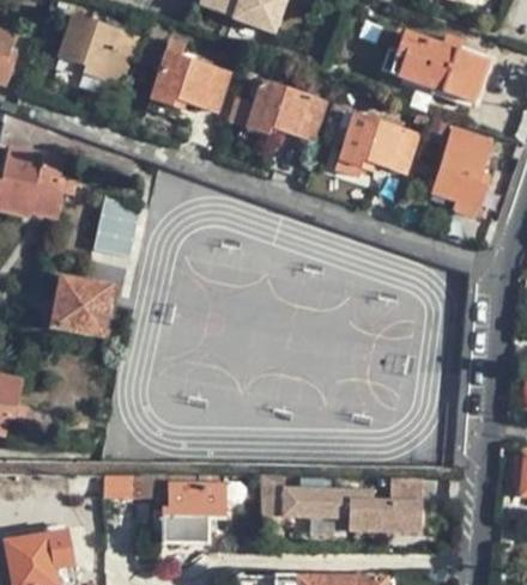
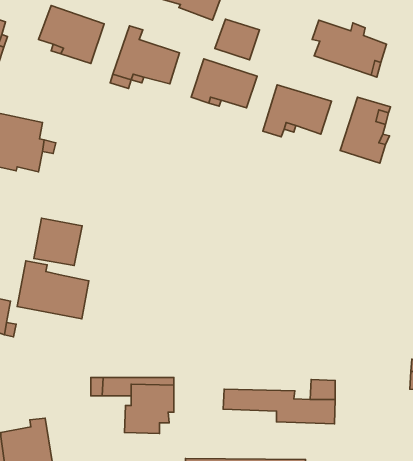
building: none -> [215,19,259,60]
building: [96,201,140,255] -> none
building: none -> [17,261,89,319]

